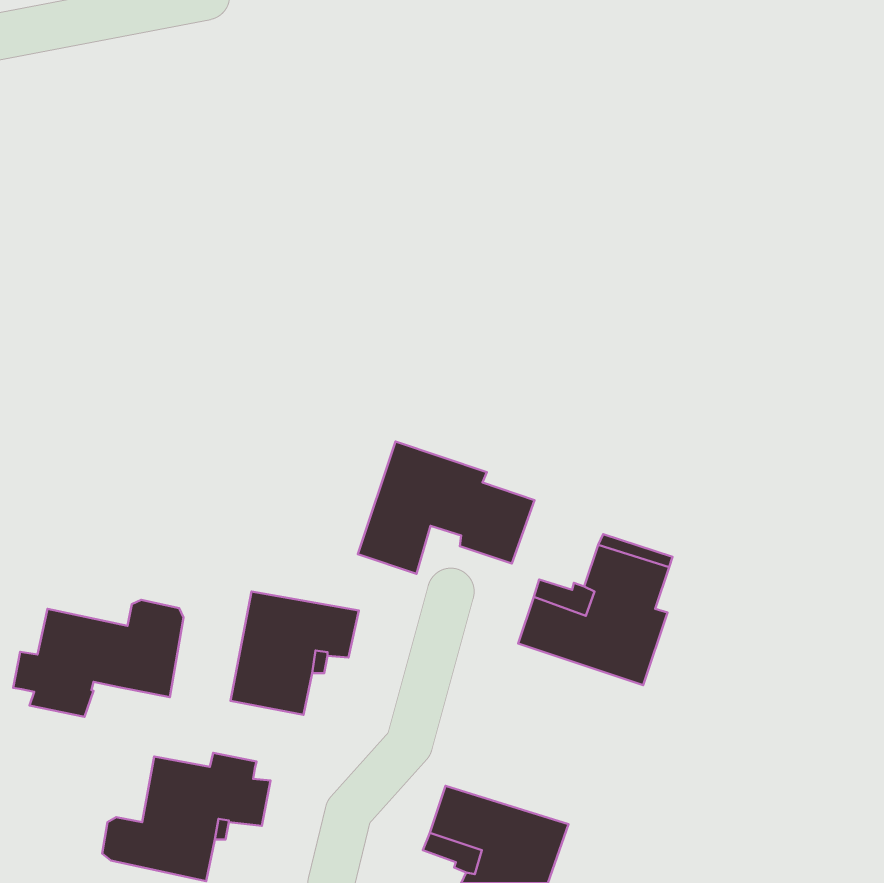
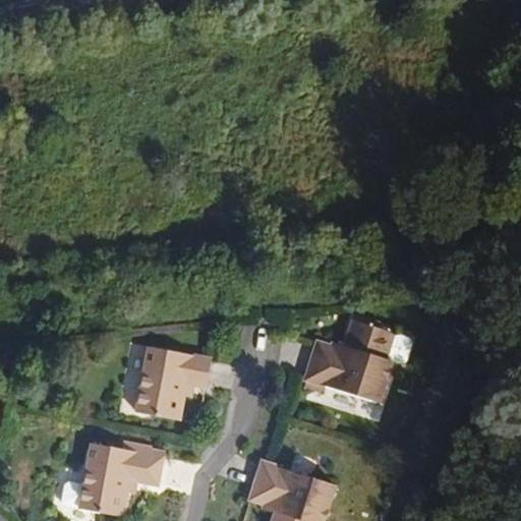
building: [358,442,535,574] -> none
building: [13,600,184,717] -> none

